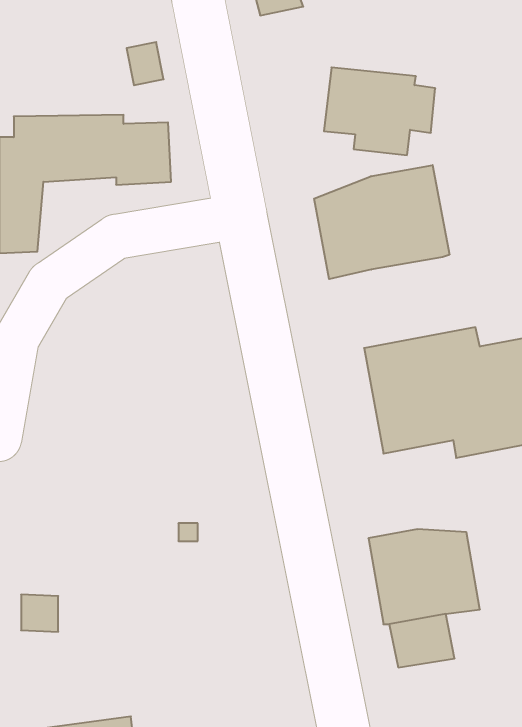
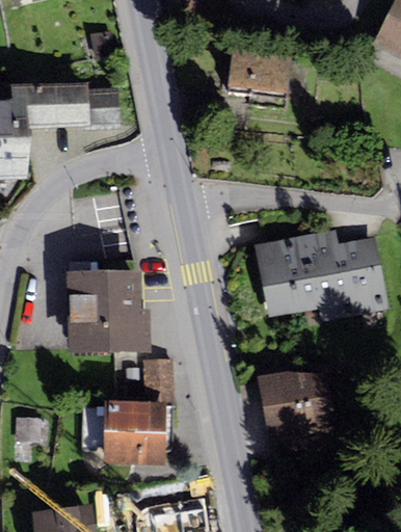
building: [314,165,449,279] -> none
building: none -> [64,269,150,352]
building: none -> [102,361,173,463]

